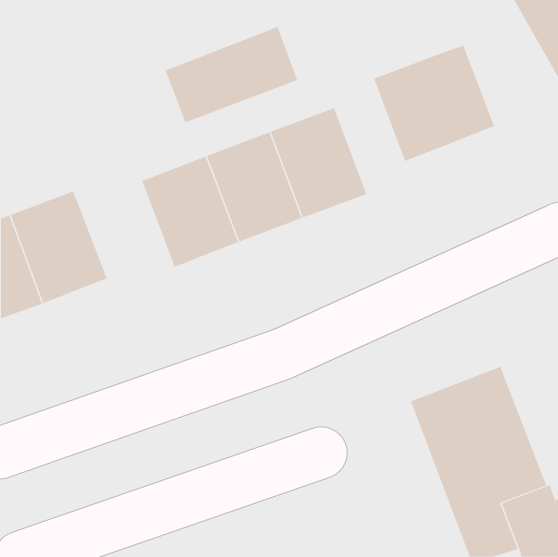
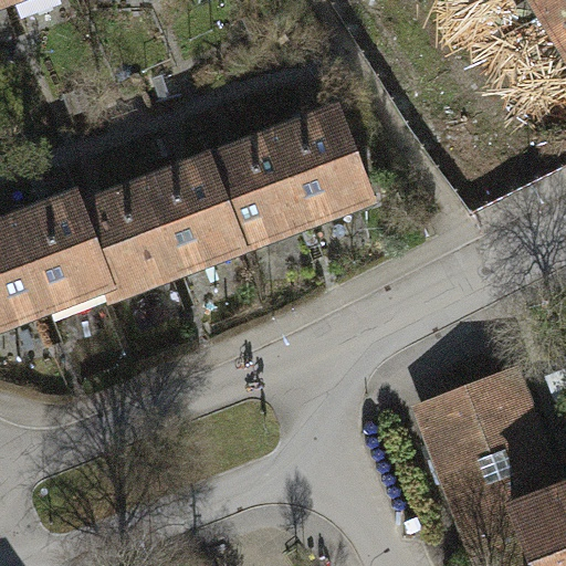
building: [165,26,298,123] -> none
building: [374,45,495,162] -> none
building: none -> [82,182,178,293]

